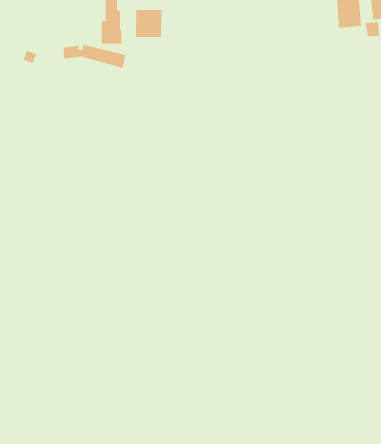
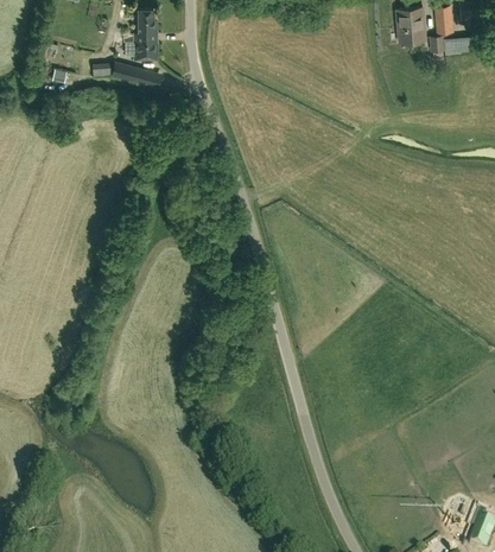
building: [136,9,162,38] -> none

